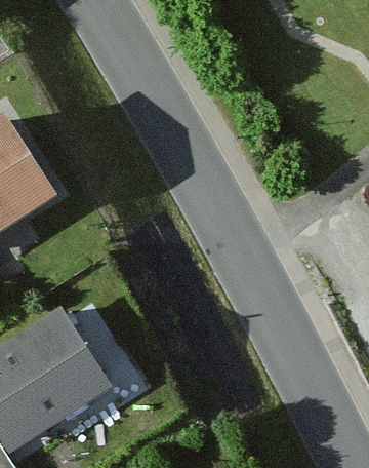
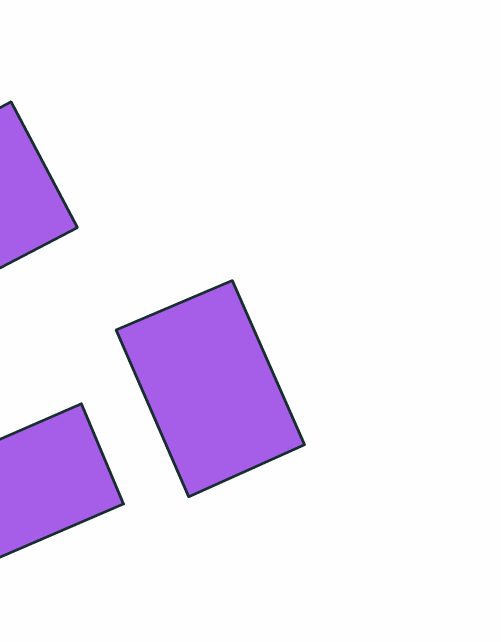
building: none -> [116,281,304,497]

